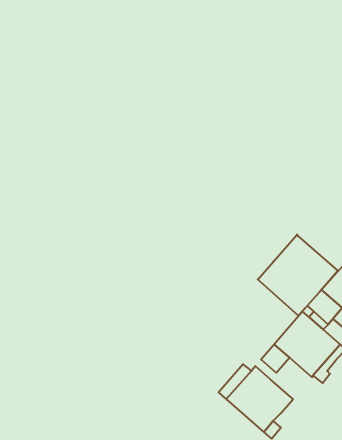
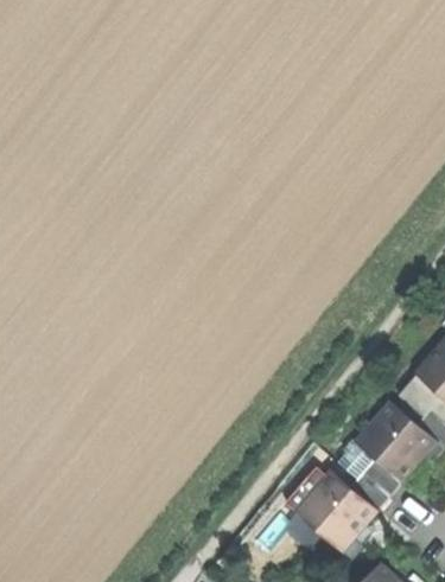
building: [258,234,338,316] -> none
building: none -> [349,458,401,510]

